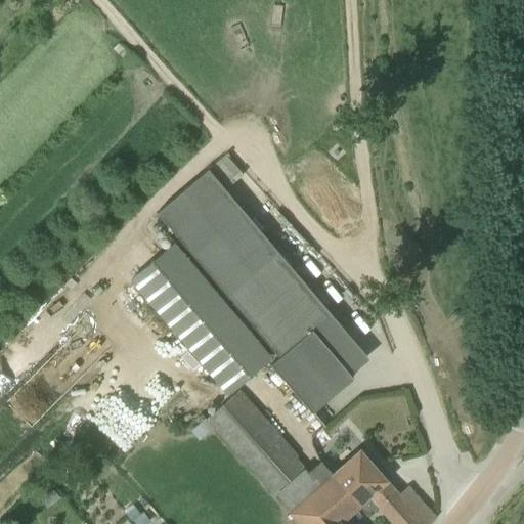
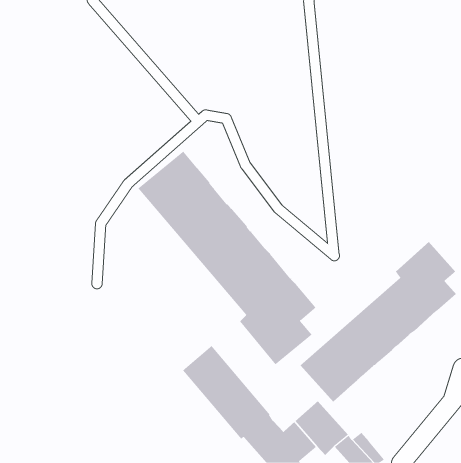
building: [132,244,273,395] -> none
building: none -> [299,241,457,403]

